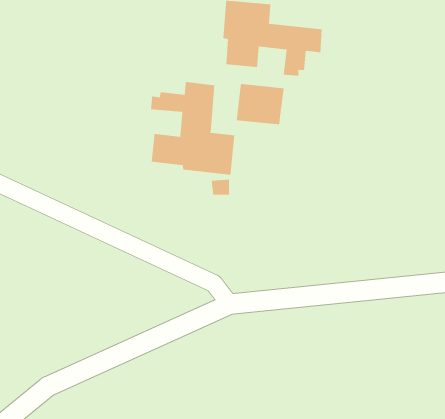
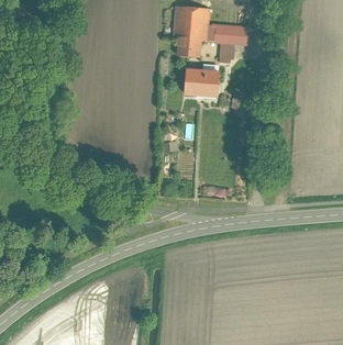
building: [150,81,235,176] -> none

